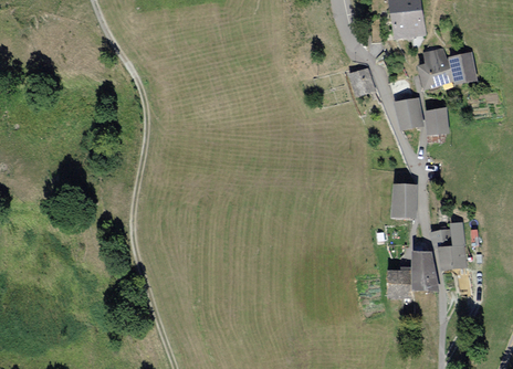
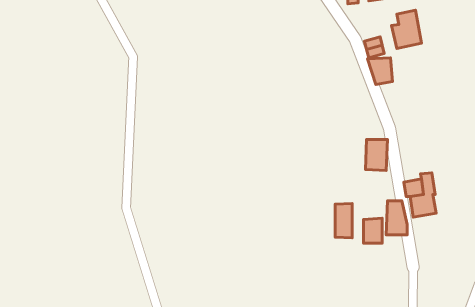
building: [449,53,477,85] -> none
building: [349,67,375,95] -> none
building: [426,107,449,134] -> none
building: none -> [335,204,352,238]

